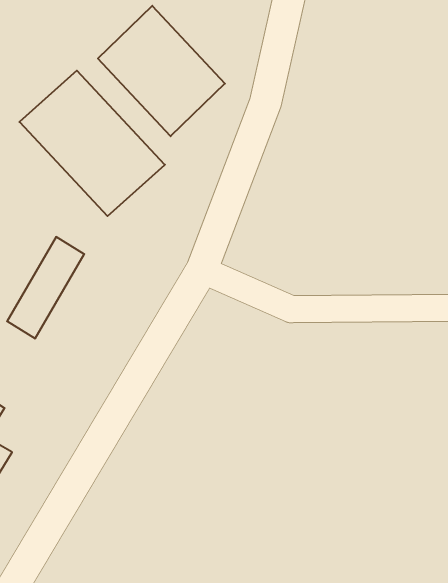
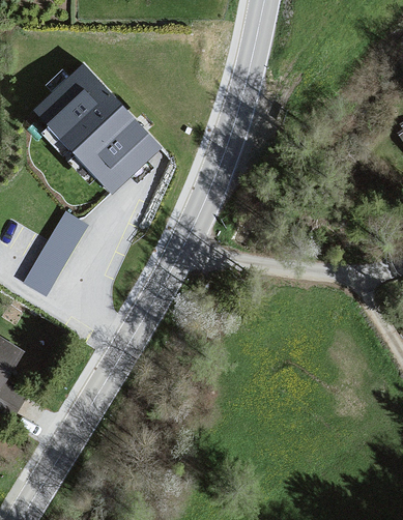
building: [98,6,225,136] -> none

